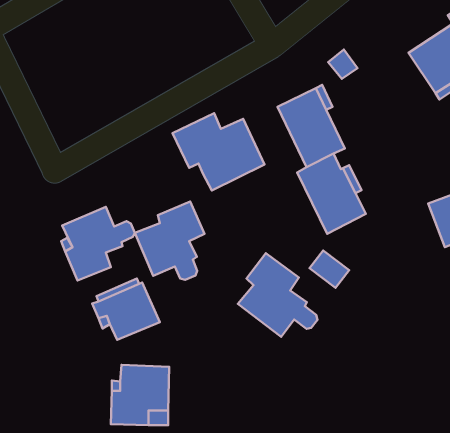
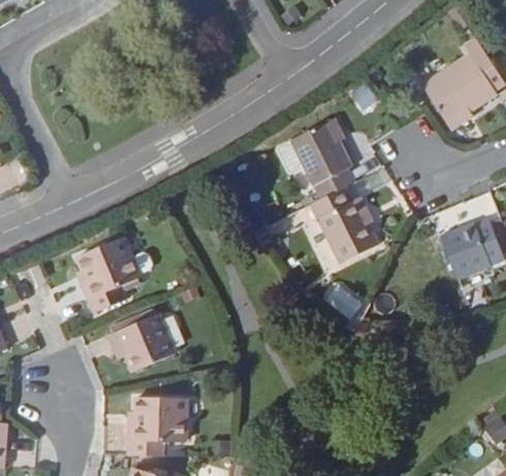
building: [173,113,265,191] -> none
building: [135,201,205,280] -> none
building: [238,253,318,337] -> none

